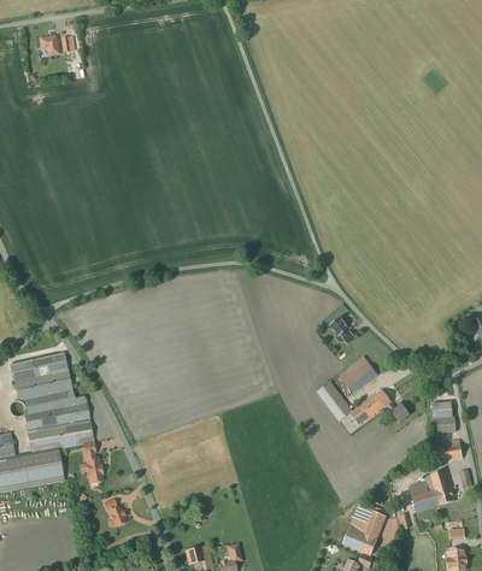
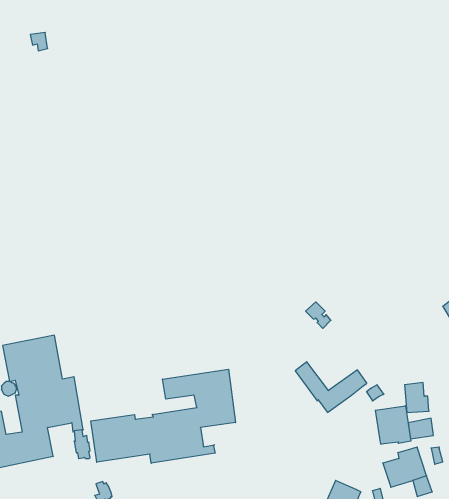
building: [340,355,377,392] -> none
building: none -> [91,369,235,463]
building: none -> [375,406,411,444]

